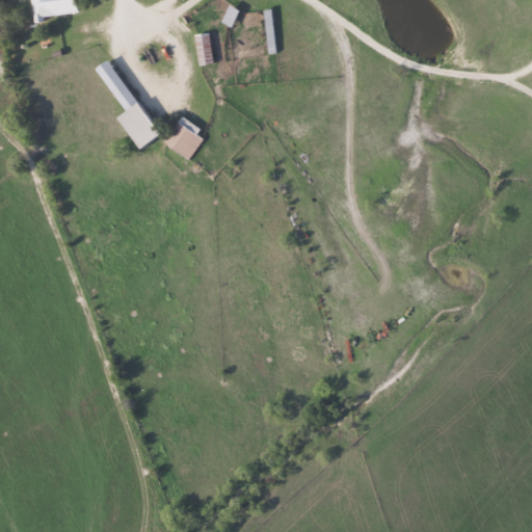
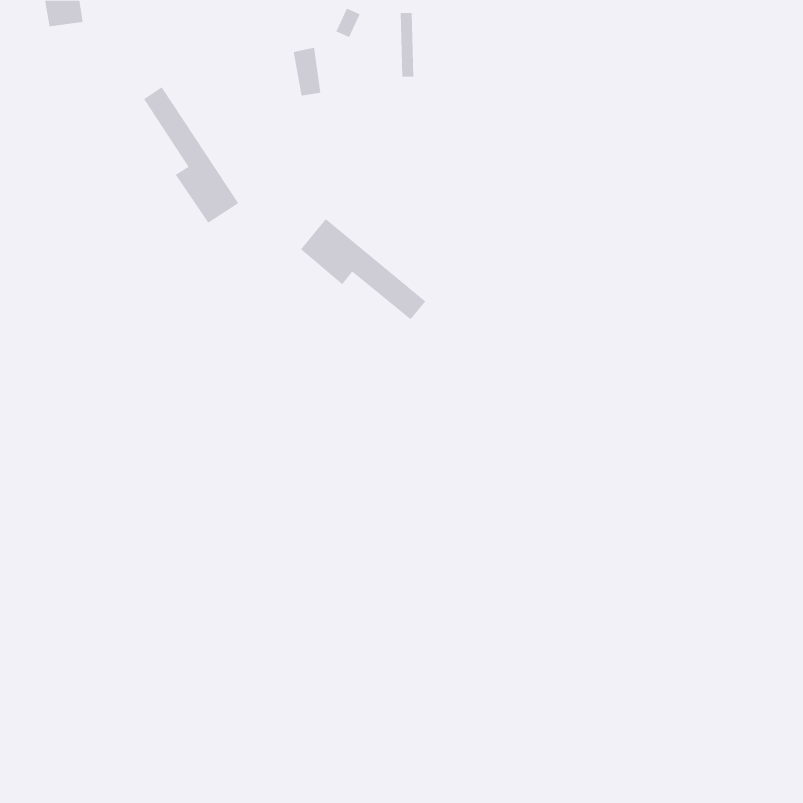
building: [163,117,206,160] -> none
building: none -> [300,218,426,320]

